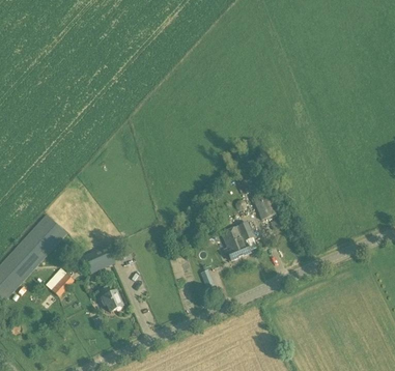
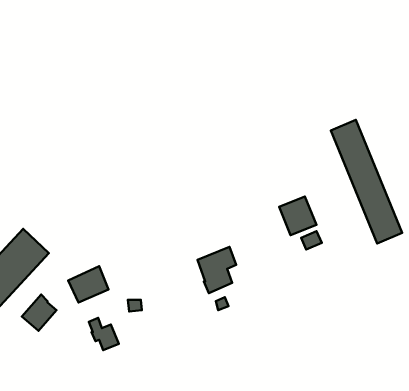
building: none -> [331,120,402,243]
building: [222,222,253,259] -> [197,247,236,293]

